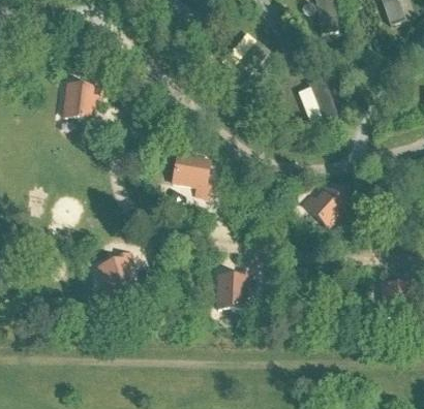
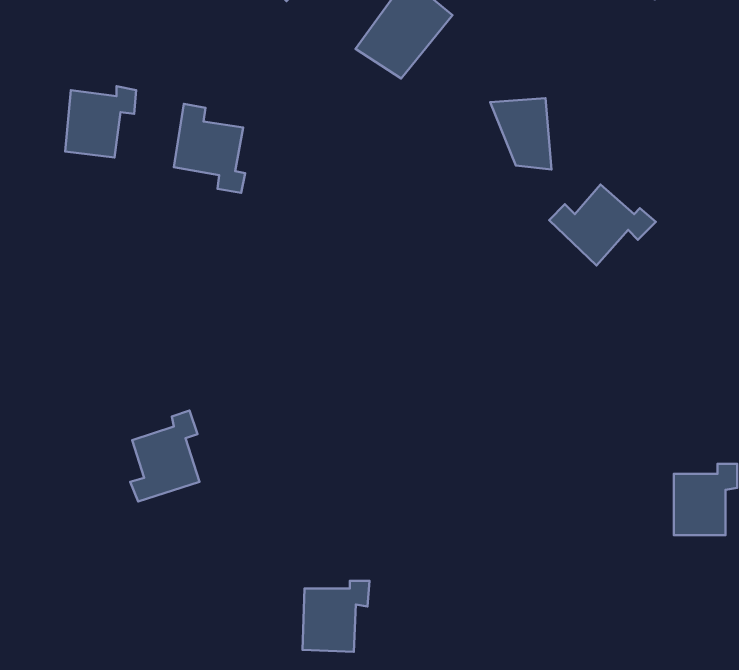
building: [174,146,211,192] -> [174,104,245,193]
building: [303,182,359,224] -> [549,184,656,265]
building: [218,270,253,307] -> [302,581,370,652]

